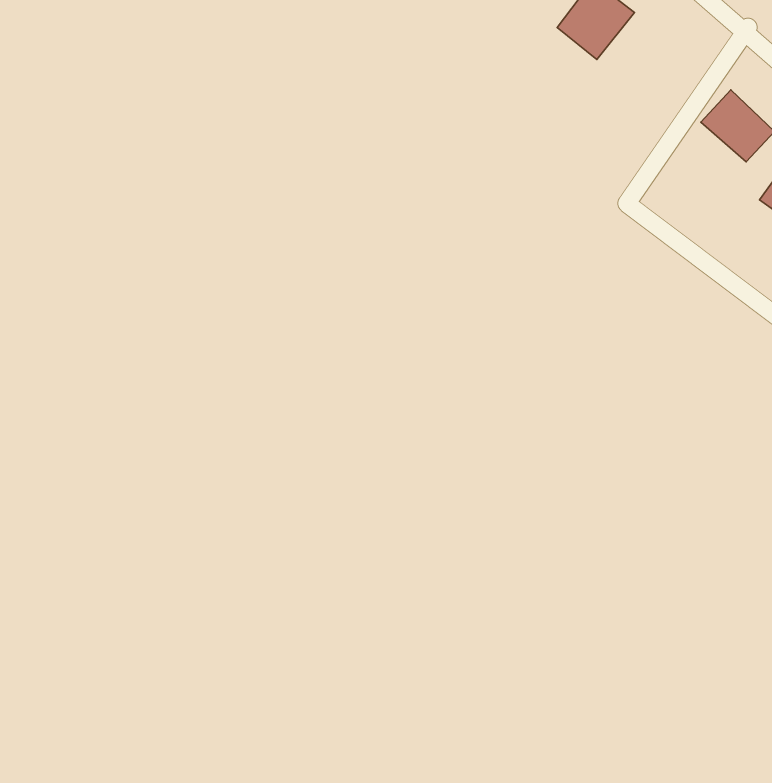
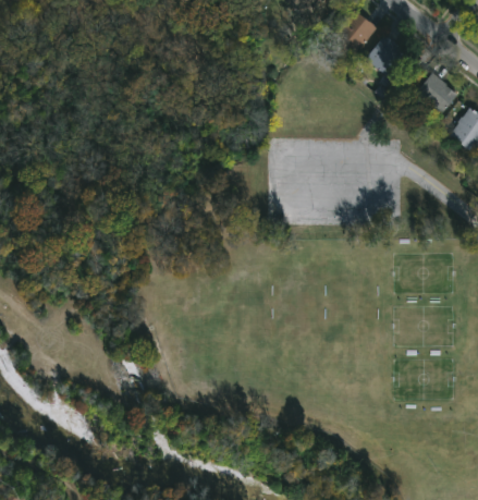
building: none -> [367,35,406,74]

